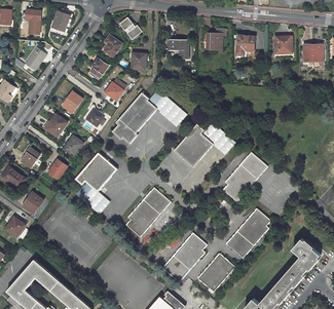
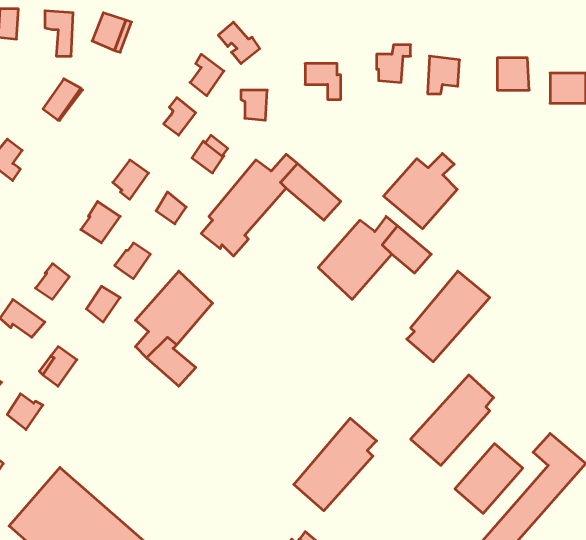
building: none -> [384,153,457,229]
building: [125,187,171,237] -> none
building: [197,254,234,292] -> [455,444,523,513]

